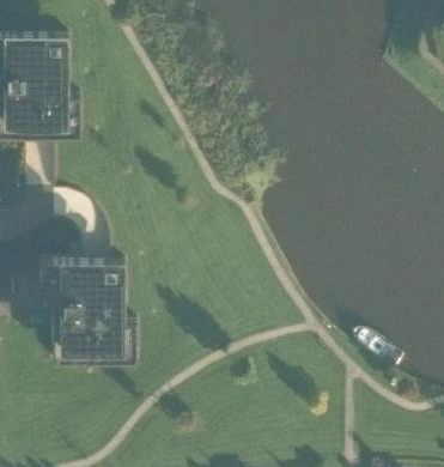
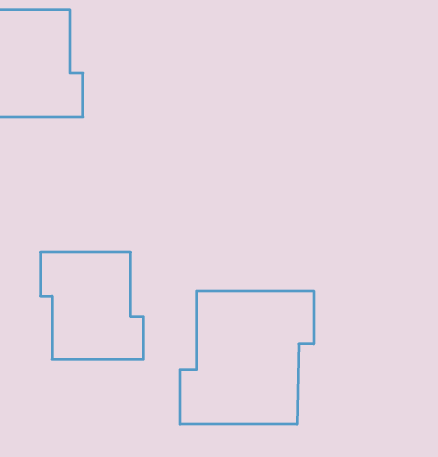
building: none -> [180,291,314,424]

